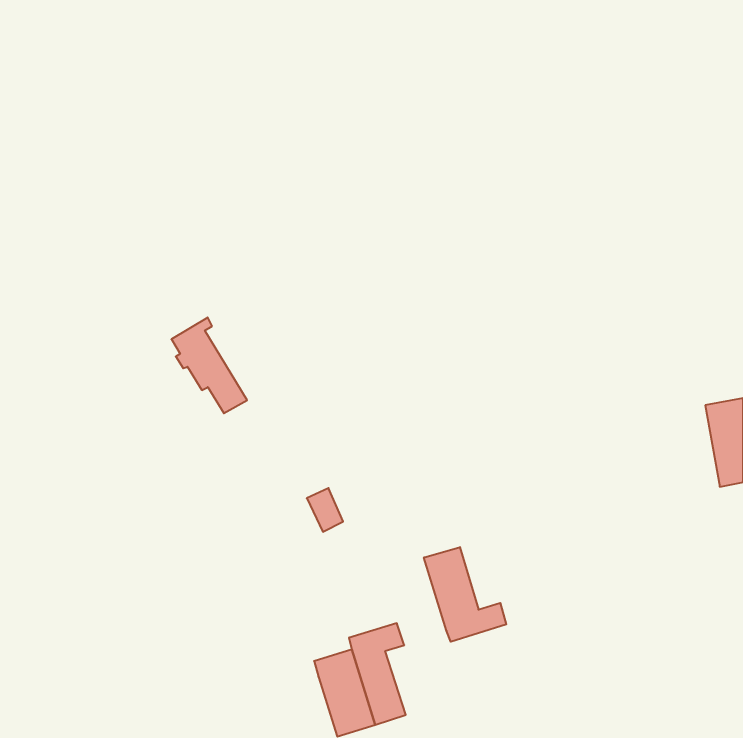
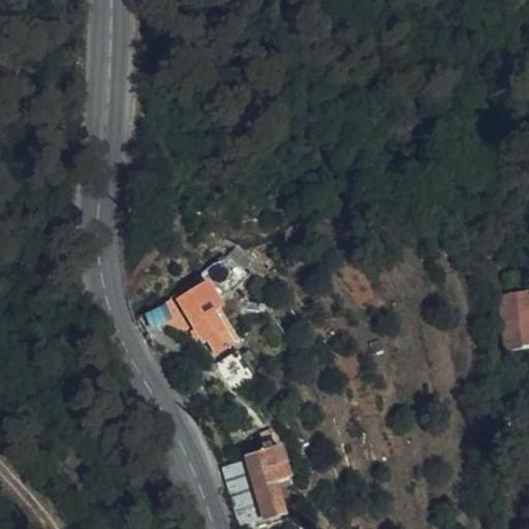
building: [171,317,247,413] -> [179,280,232,348]
building: [424,547,506,642] -> none

